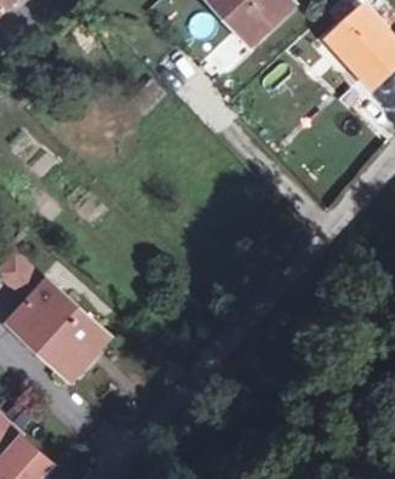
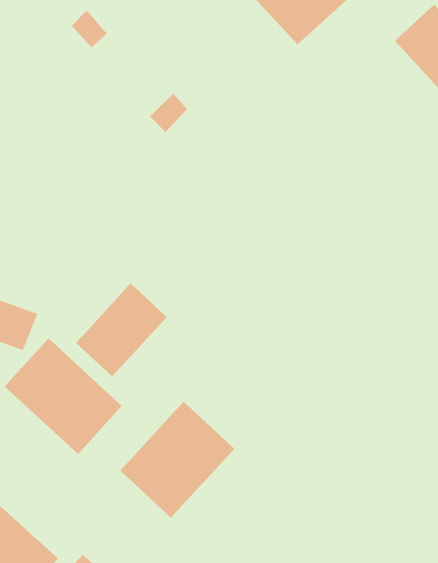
building: none -> [75,283,167,377]
building: none -> [119,401,235,518]

